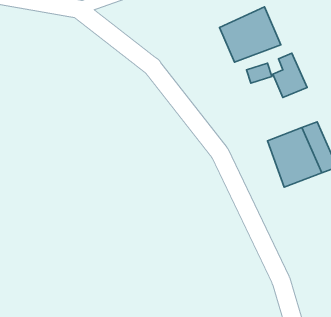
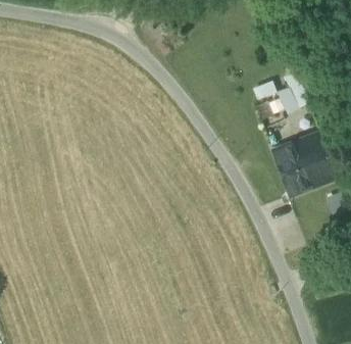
building: [220,7,281,62] -> none

